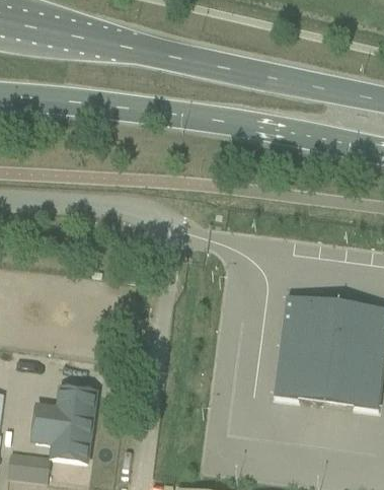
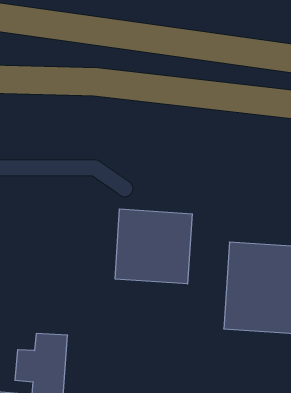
building: none -> [115,209,192,284]

